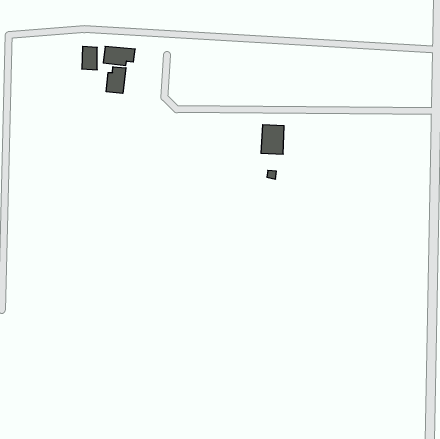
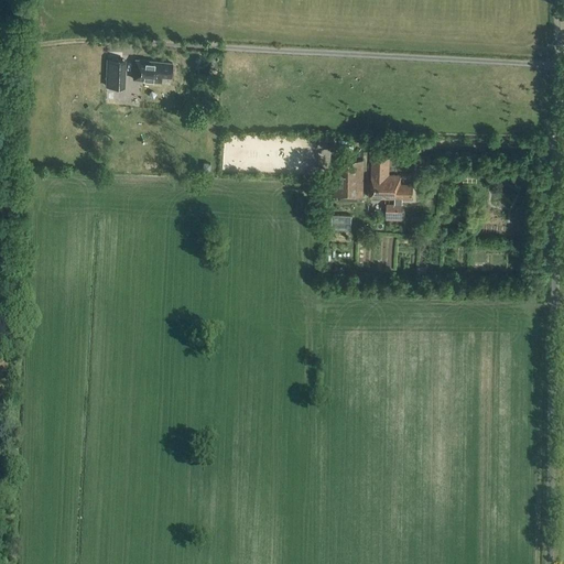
building: [106,67,126,93] -> none
building: none -> [371,152,413,221]

